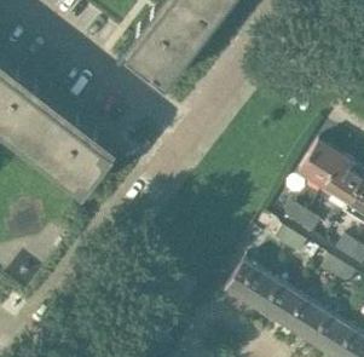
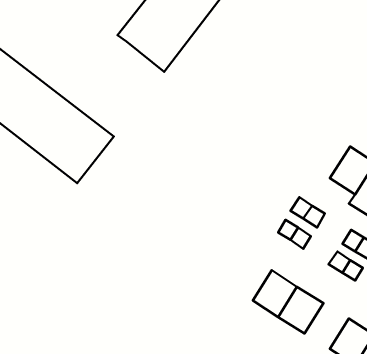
building: [299,142,343,188] -> none
building: [225,260,268,305] -> none
building: [300,307,342,351] -> none

